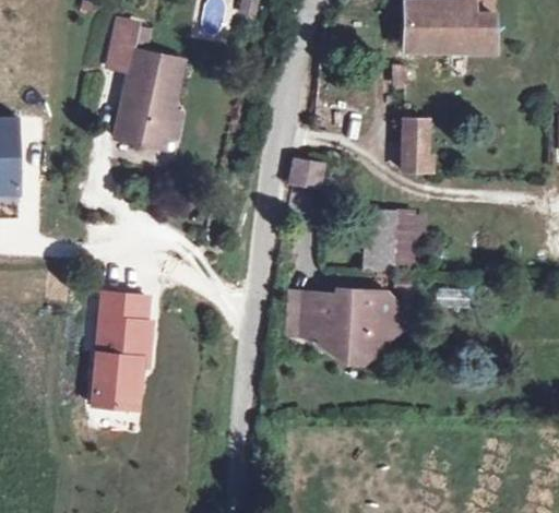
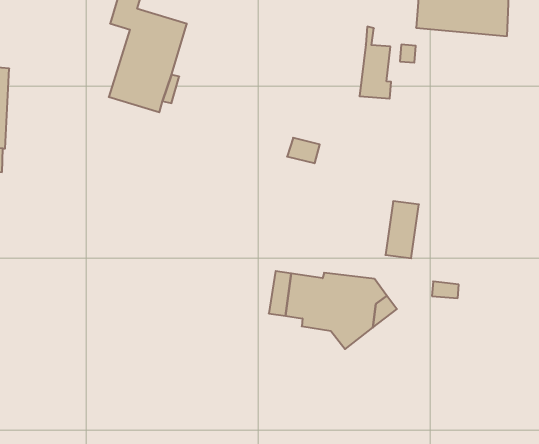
building: [402,103,431,170] -> [359,27,391,99]
building: [365,212,396,269] -> none
building: [93,294,150,409] -> none

